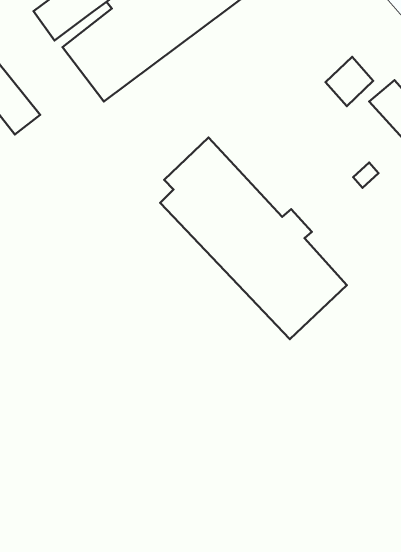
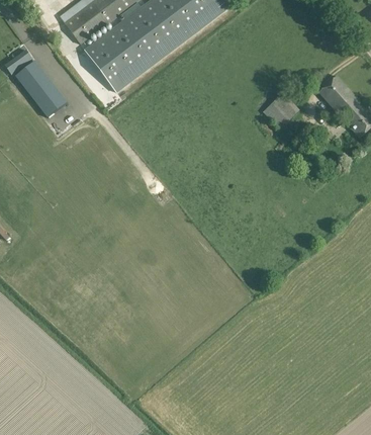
building: [326,57,373,106] -> [262,91,298,128]
building: [160,138,347,339] -> none

